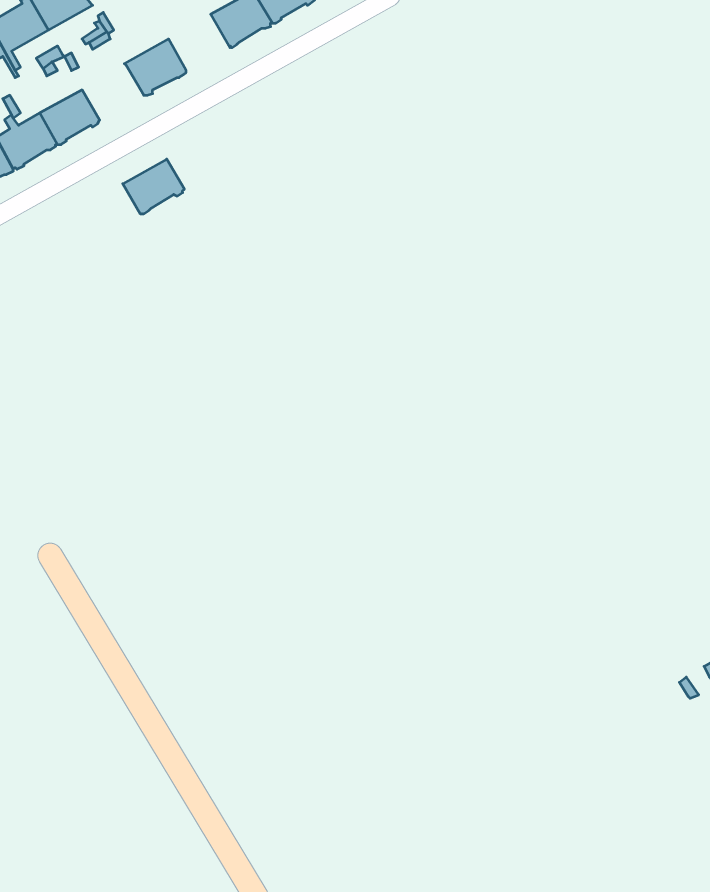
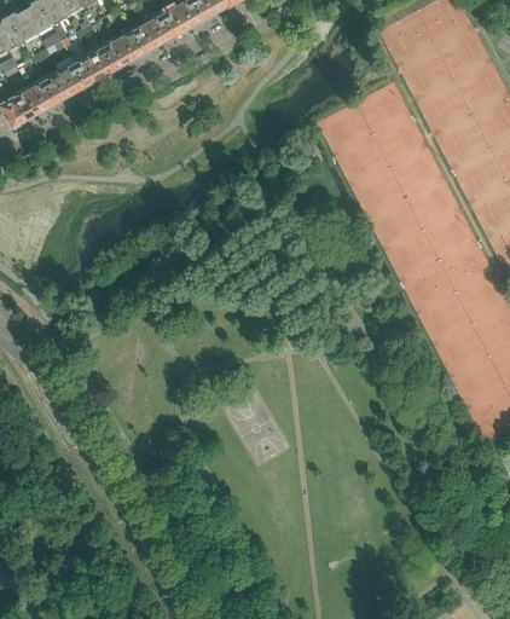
building: none -> [134,12,176,52]
building: [123,159,184,214] -> [75,47,117,85]

